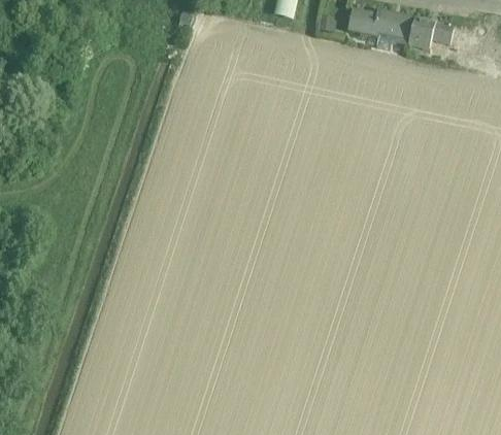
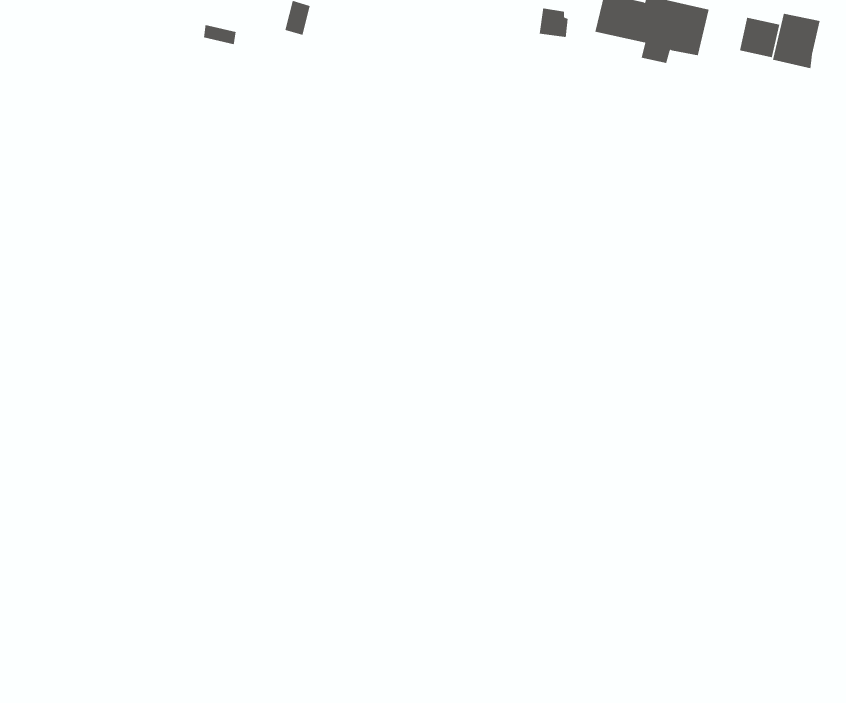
building: [407,18,434,48] -> [772,13,820,69]

